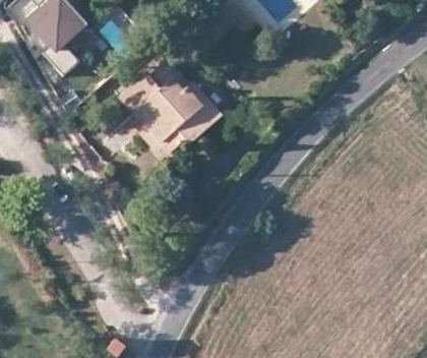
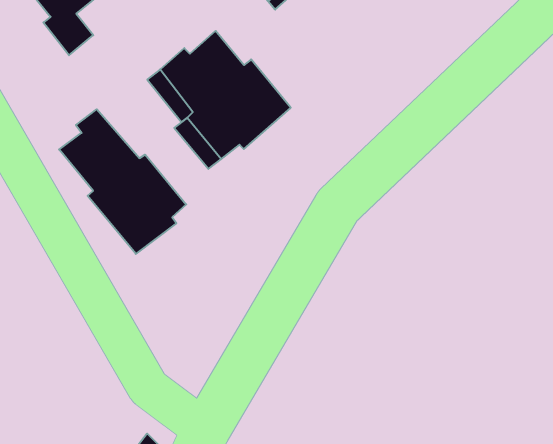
building: none -> [59,109,186,254]

